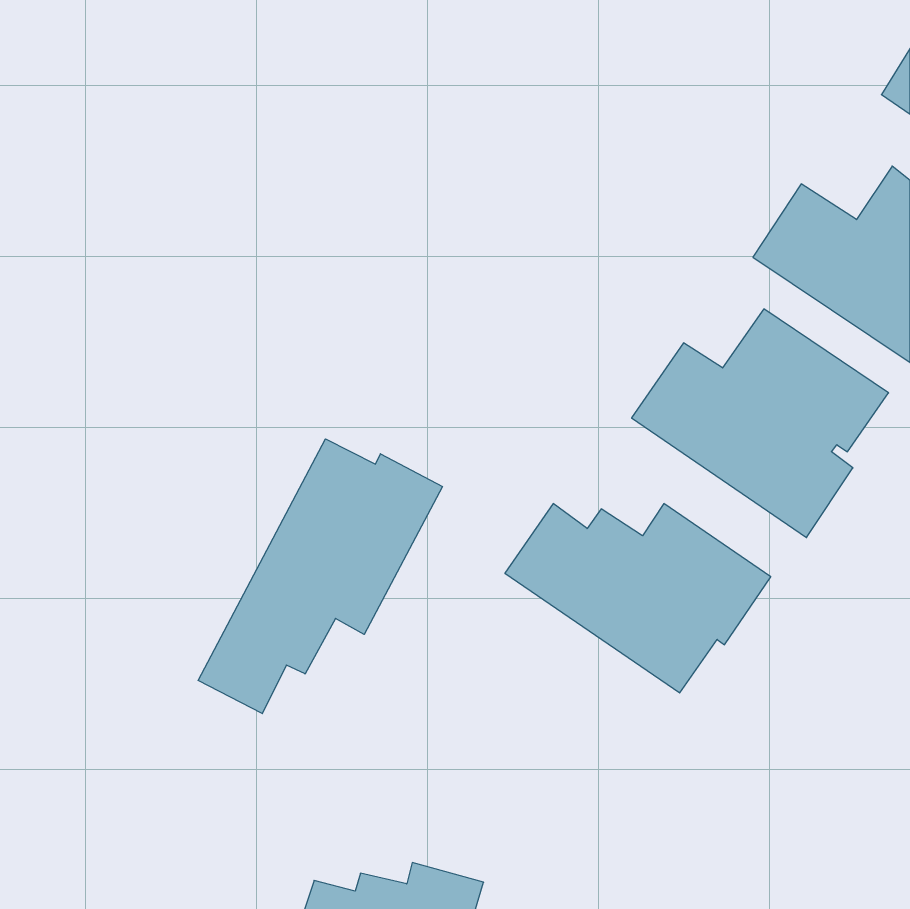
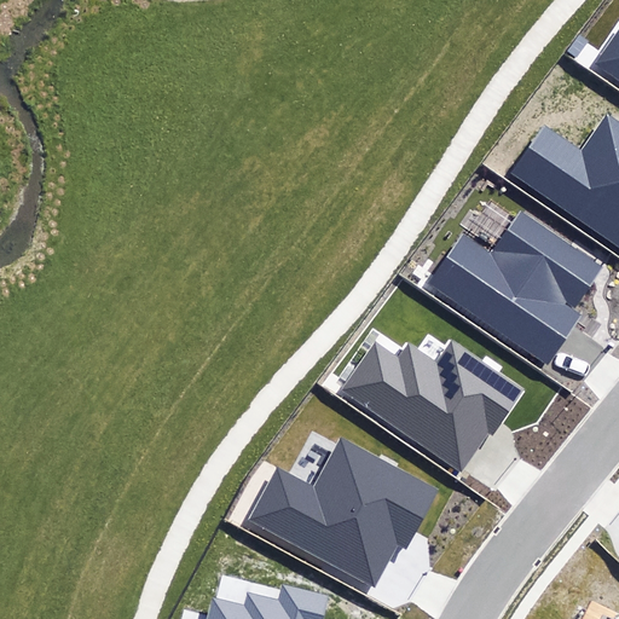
building: [198,439,442,714] -> none
building: none -> [248,438,438,588]

